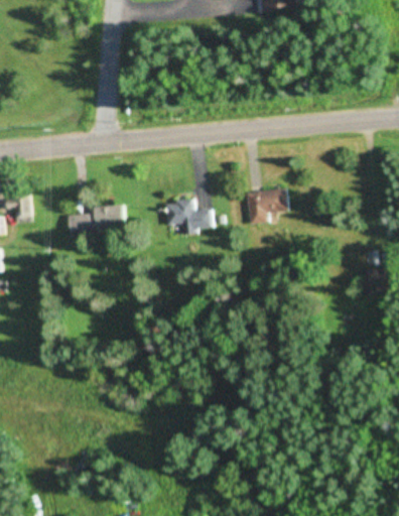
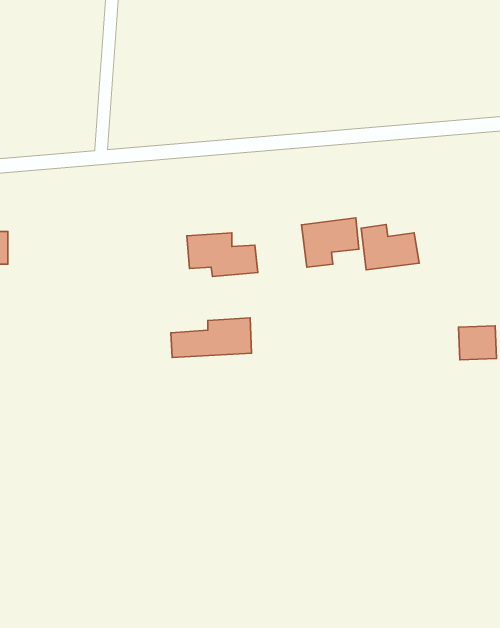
building: none -> [361,225,419,270]
building: [68,203,127,232] -> [171,318,251,357]

